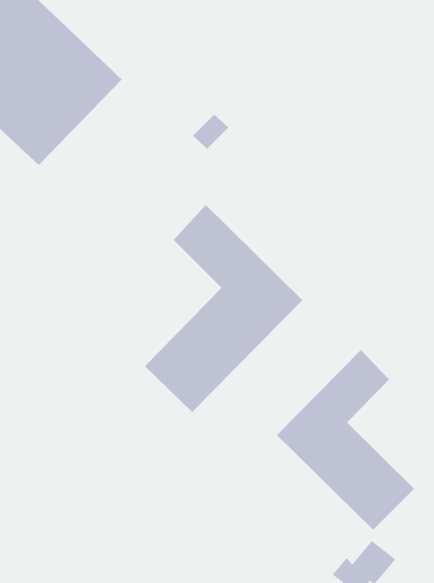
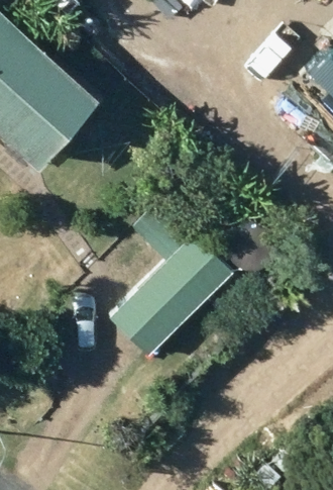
building: [276,349,415,531] -> none

